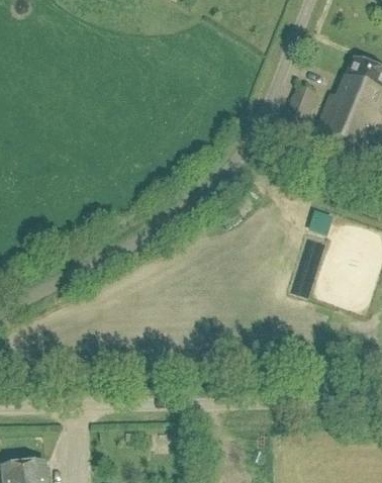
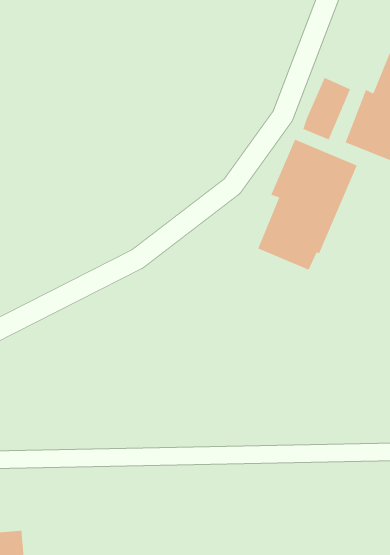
building: none -> [258,139,358,271]

